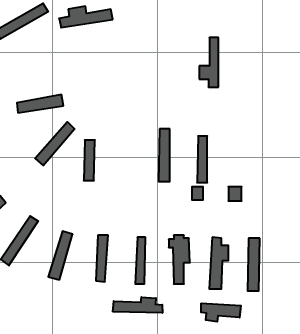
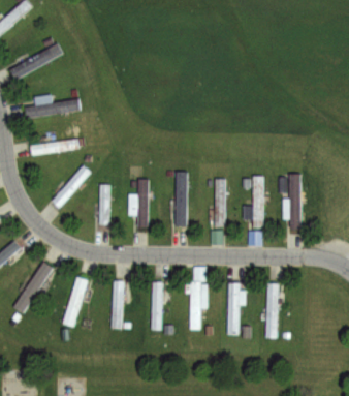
building: [59,6,113,28] -> [25,95,80,117]
building: [199,38,218,87] -> [244,177,263,227]
building: none -> [284,176,300,232]
building: none -> [129,179,149,227]
building: [113,297,162,313] -> none
building: [201,303,241,322] -> none

